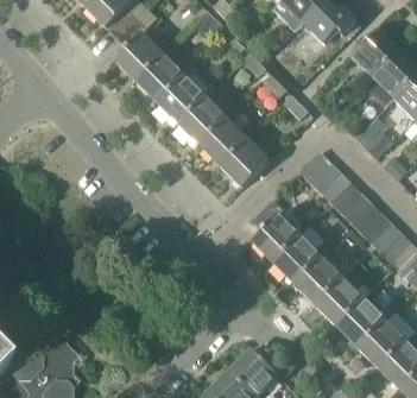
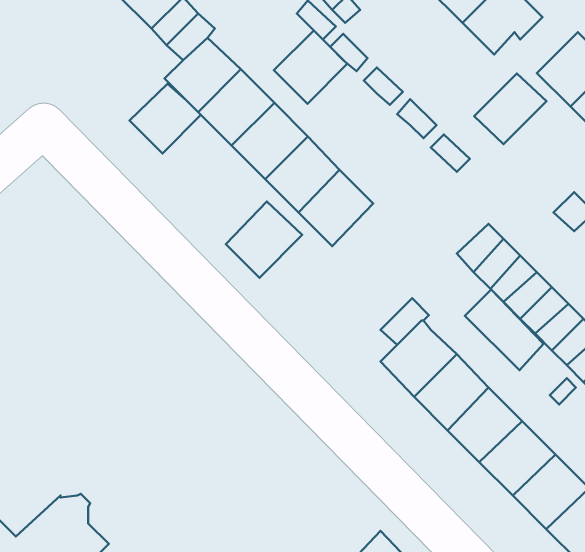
building: none -> [274,30,347,104]
building: none -> [474,73,546,144]
building: none -> [129,84,201,154]
building: [221,138,270,187] -> [226,201,302,278]
building: none -> [465,290,544,370]

